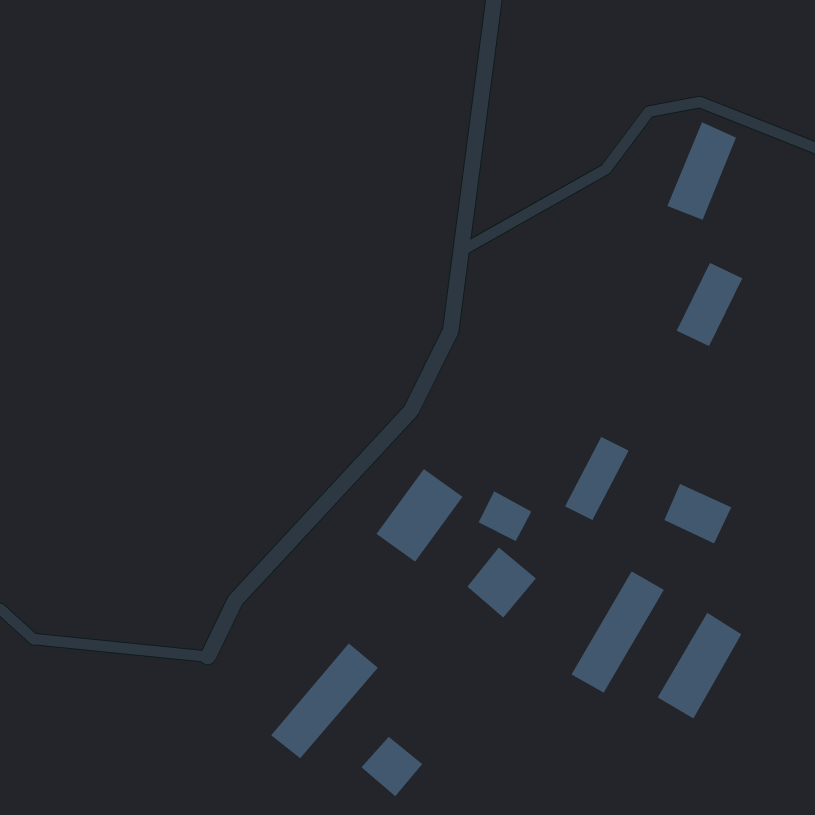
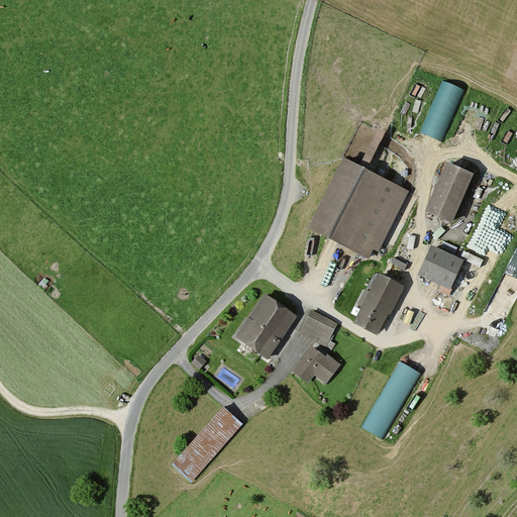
building: none -> [311,160,402,255]
building: [663,483,732,544] -> [418,250,461,289]
building: [657,612,742,719] -> none
building: [361,736,423,797] -> none

